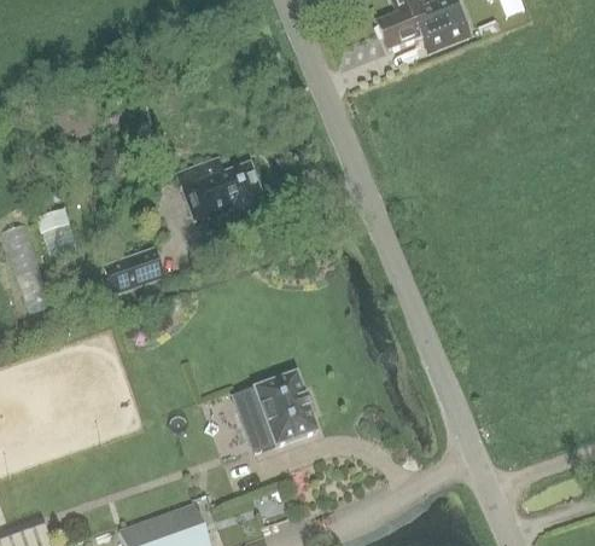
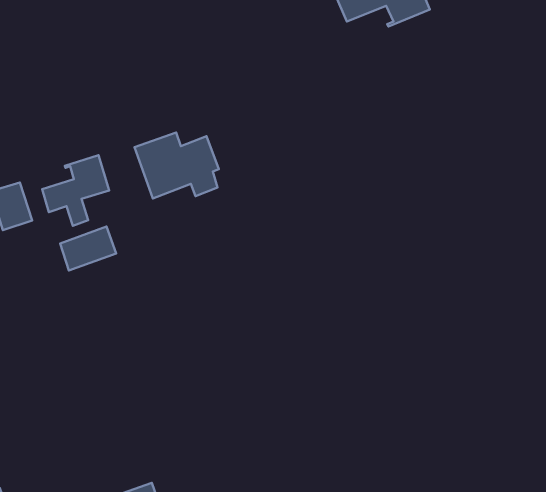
building: none -> [42,155,109,226]
building: [232,372,319,453] -> none

